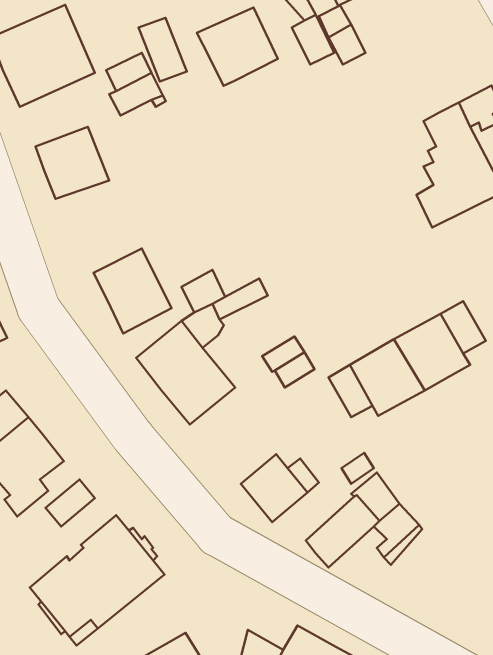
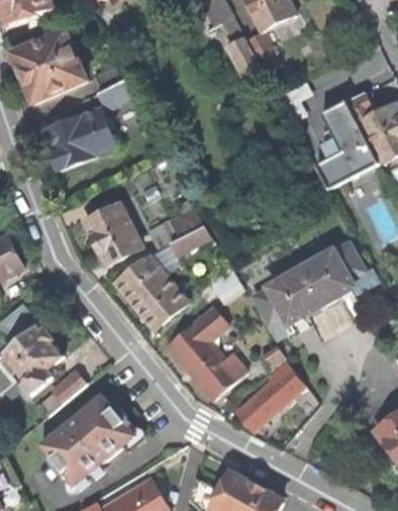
building: [197,7,278,86] -> none
building: [139,18,187,81] -> [81,110,115,156]
building: none -> [168,307,227,372]

